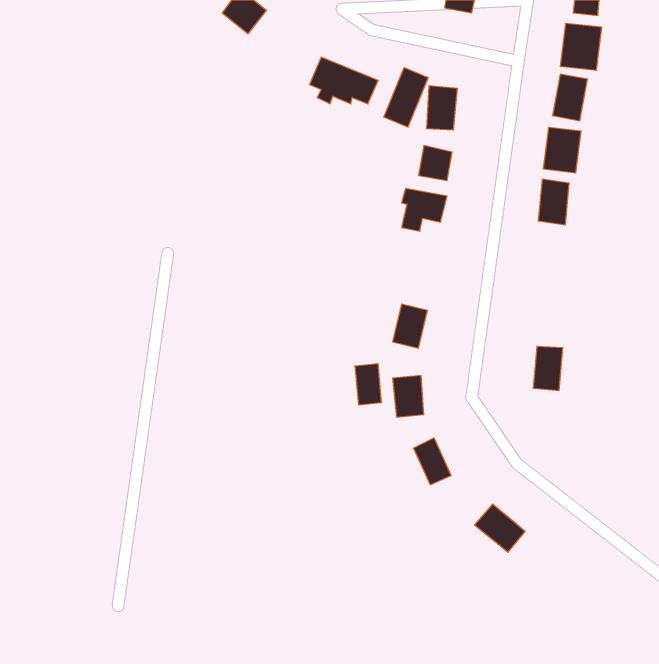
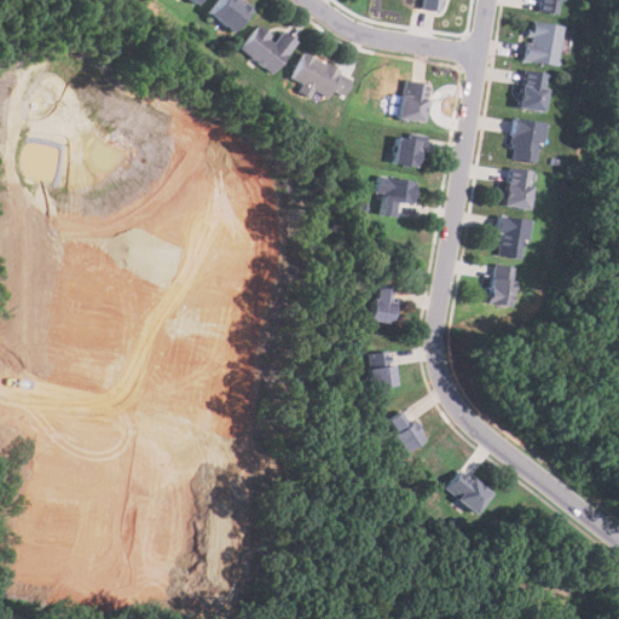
building: none -> [244,27,299,73]
building: [384,68,428,127] -> none
building: none -> [496,215,530,259]
building: [533,346,563,391] -> [490,265,517,306]
building: [355,363,381,405] -> none

